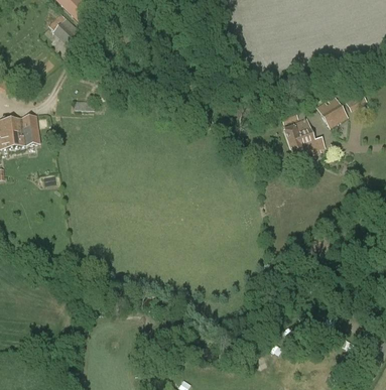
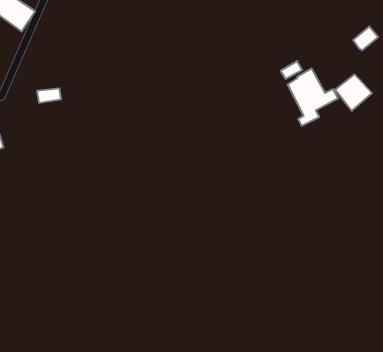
building: [317,97,348,127] -> [335,74,372,111]

